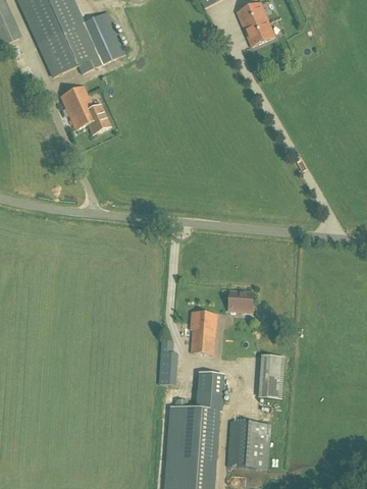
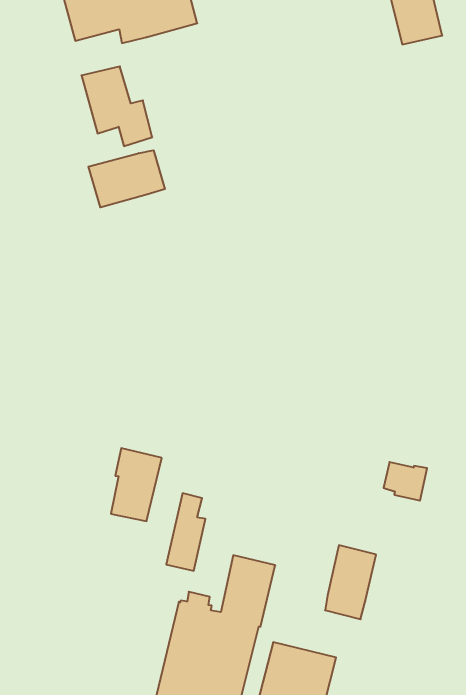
building: none -> [88,150,165,207]
building: [228,291,253,312] -> [384,462,427,501]
building: [190,312,216,354] -> [111,448,162,521]

